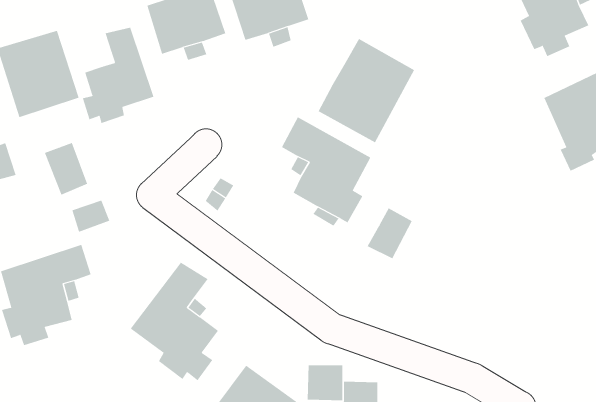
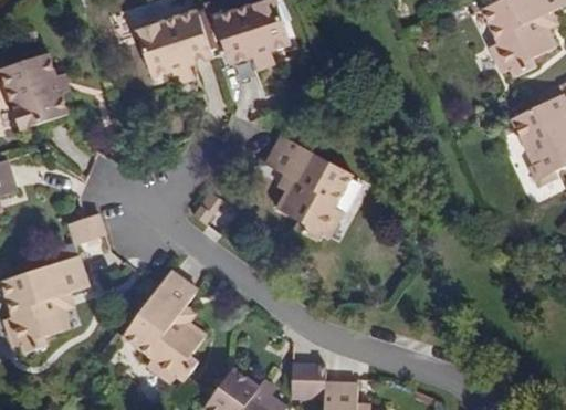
building: [82,27,154,124] -> none
building: [318,38,415,143] -> none
building: [44,142,88,196] -> none
building: [367,208,413,259] -> none

